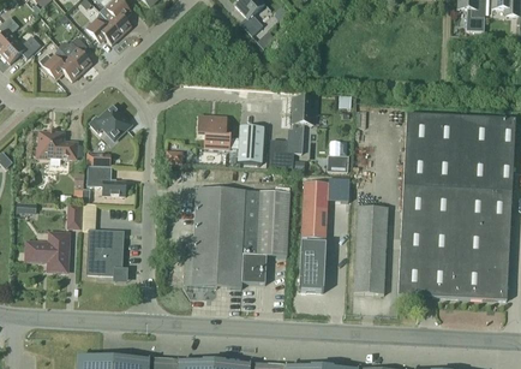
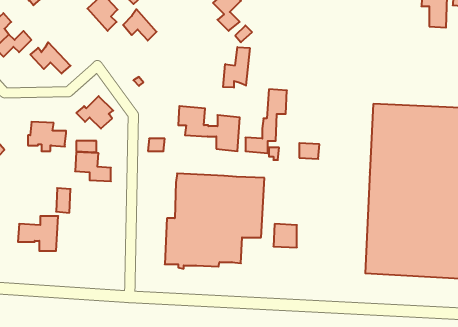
building: [86,11,122,44] -> [123,9,157,41]
building: [59,36,92,72] -> none
building: none -> [223,47,250,88]
building: [303,181,347,238] -> none
building: [354,206,389,293] -> none
building: [88,231,124,275] -> none
building: [299,266,325,291] -> none

